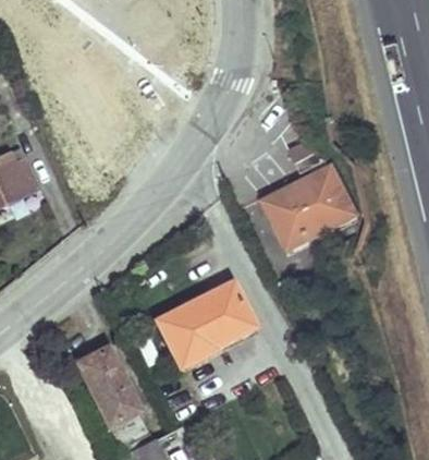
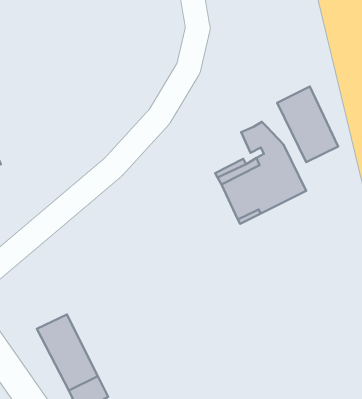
building: none -> [277,87,338,162]
building: [155,281,255,367] -> none

